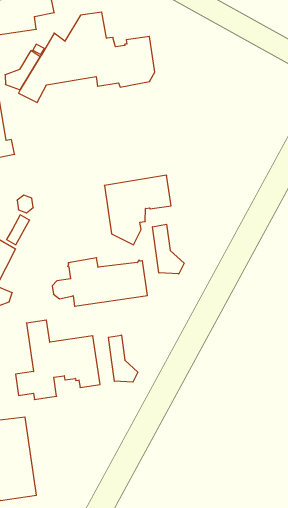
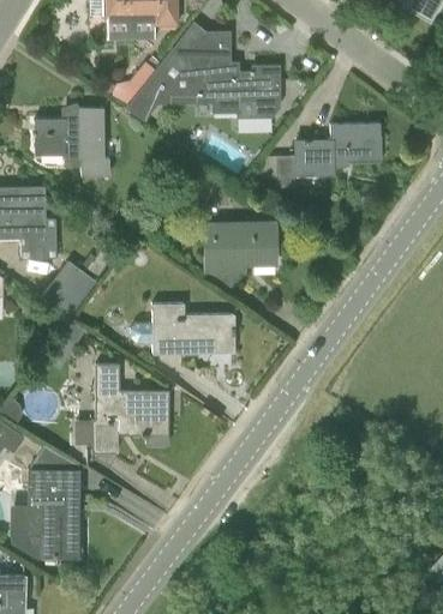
building: none -> [275,124,379,187]
building: [153,224,184,274] -> none
building: [108,335,138,382] -> none

